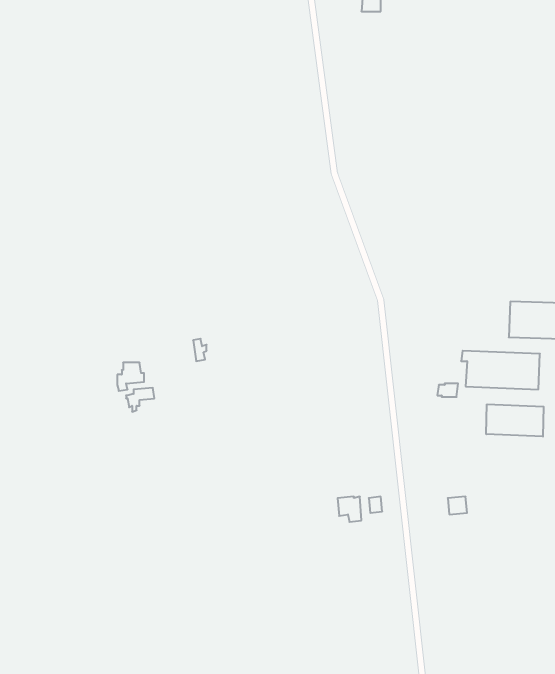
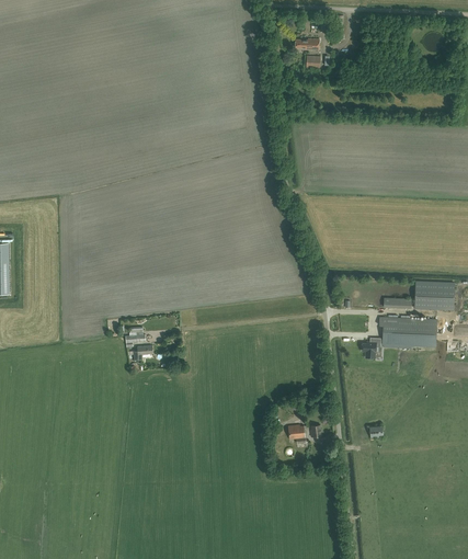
building: [486,404,544,437] -> none

